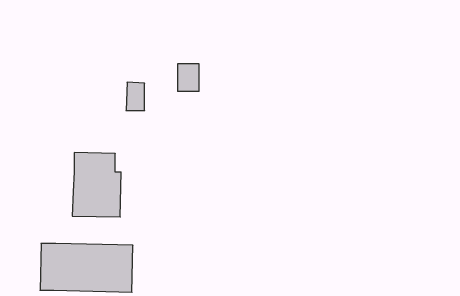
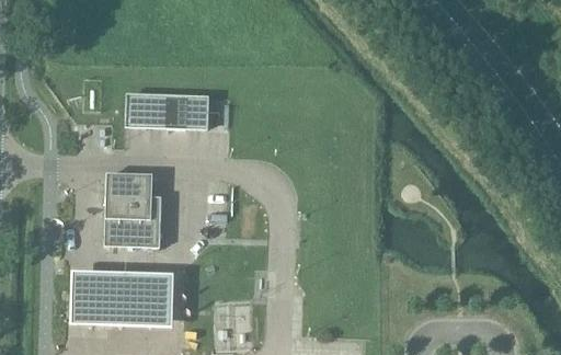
building: [178,64,199,91] -> [186,94,210,125]
building: none -> [127,92,167,125]

